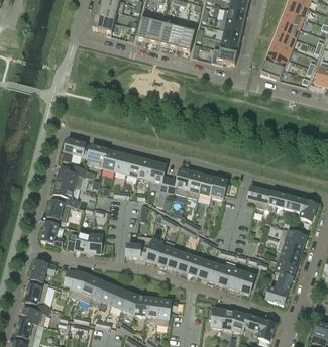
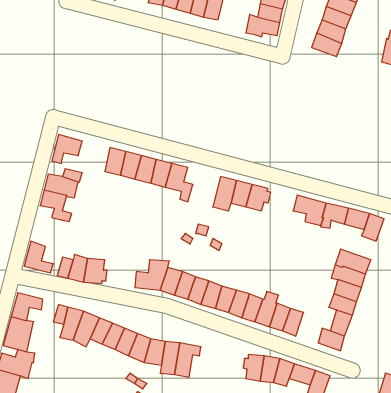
building: [83,144,107,167] -> none
building: [167,168,192,195] -> none
building: [46,200,71,225] -> none

